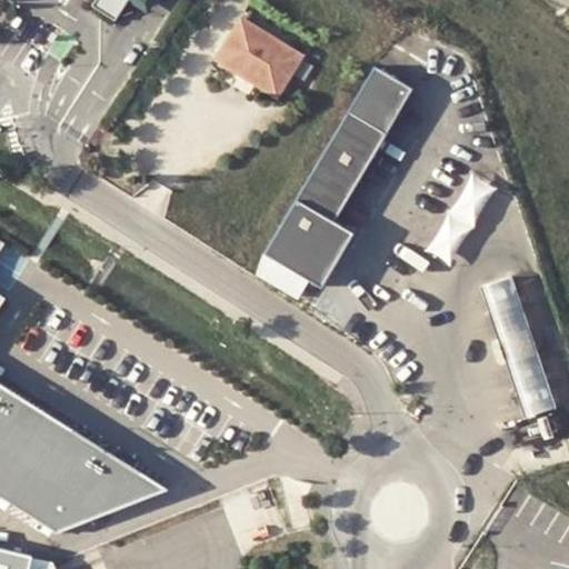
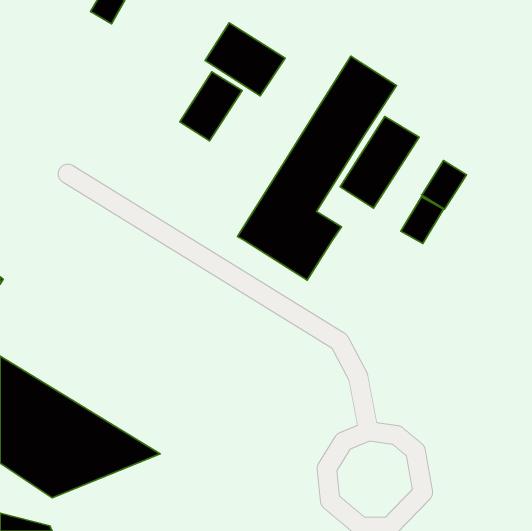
building: none -> [180,72,242,141]
building: none -> [340,116,419,208]
building: [482,281,555,425] -> none

